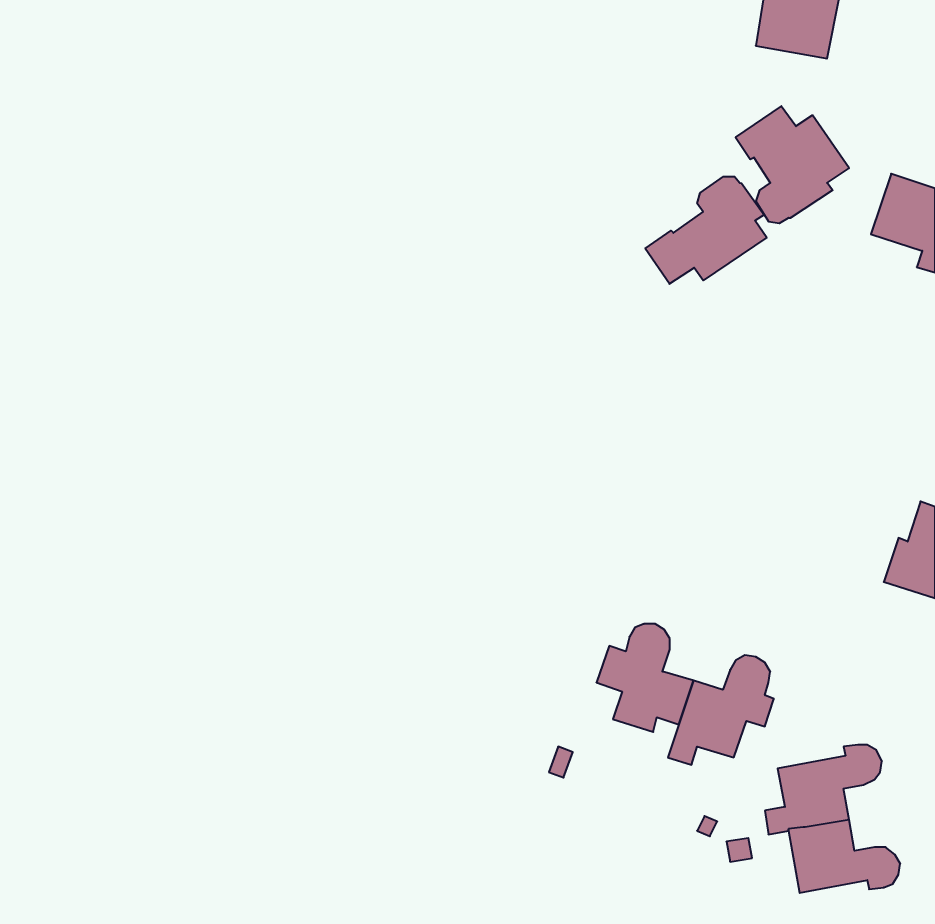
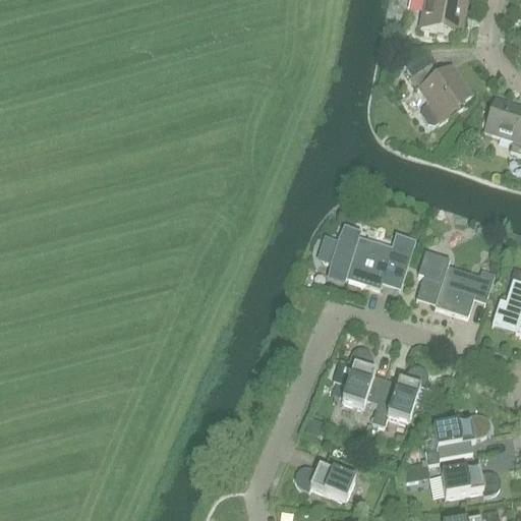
building: [645,177,767,284] -> none
building: none -> [321,231,415,288]
building: none -> [416,251,495,316]
building: none -> [294,455,354,501]

